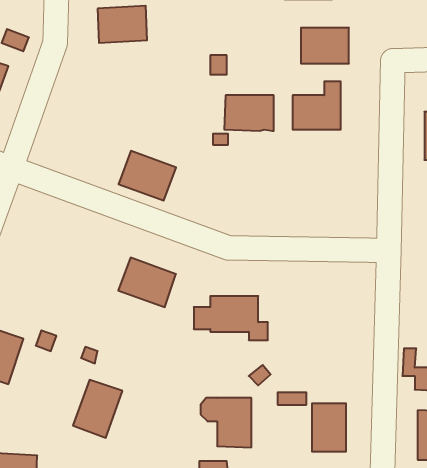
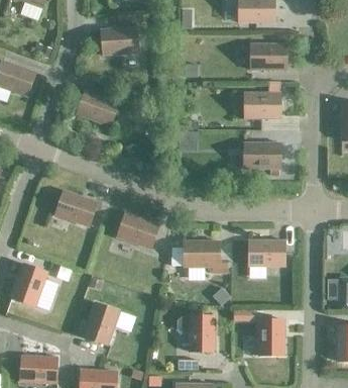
building: [224,95,274,131] -> [243,141,279,168]
building: [118,151,176,201] -> [76,89,118,125]
building: none -> [54,189,97,225]
building: none -> [248,239,283,265]

